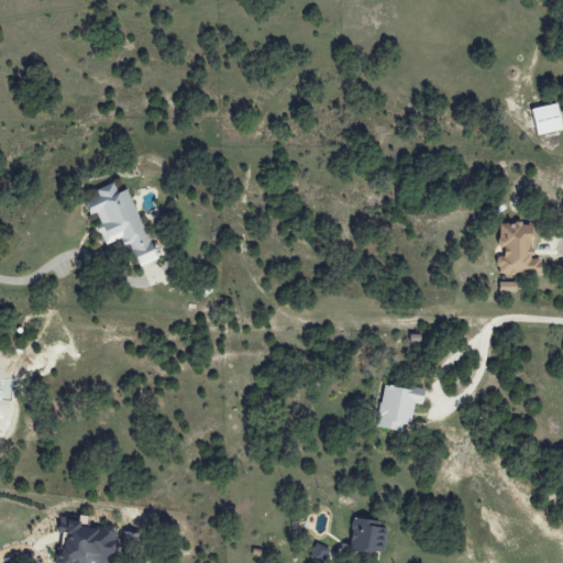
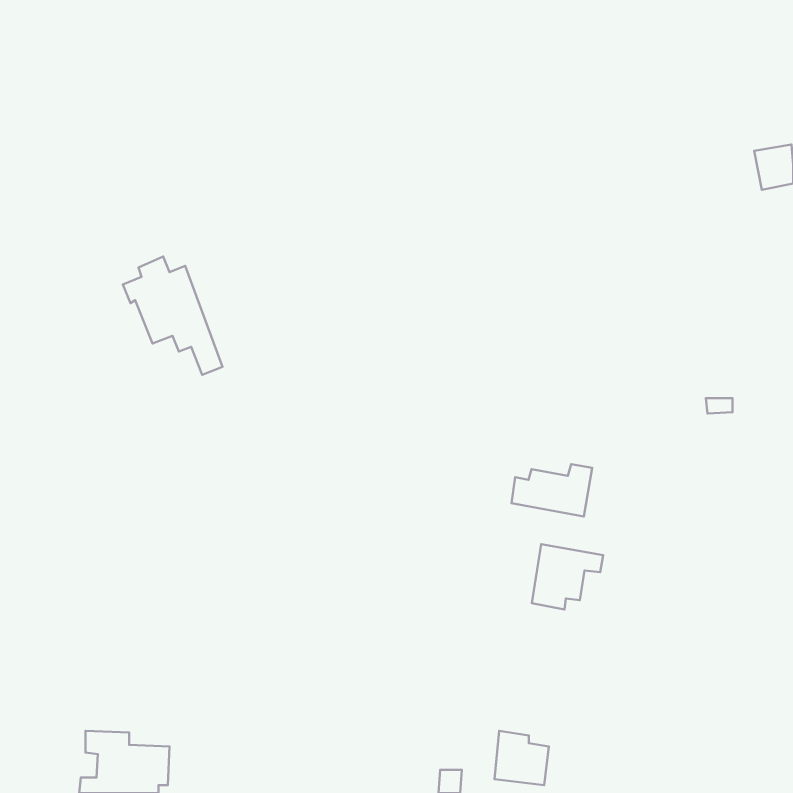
building: [497,223,538,273] -> none
building: none -> [511,464,592,517]

